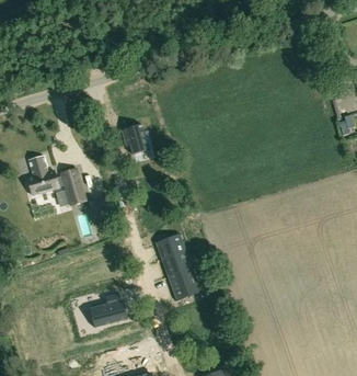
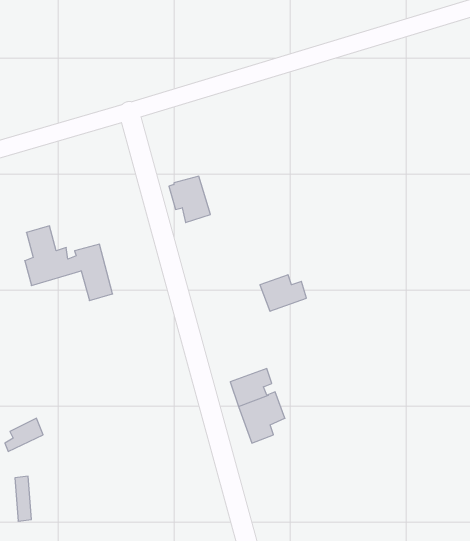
building: [156,236,186,260] -> [260,275,306,311]
building: [91,293,127,326] -> none

